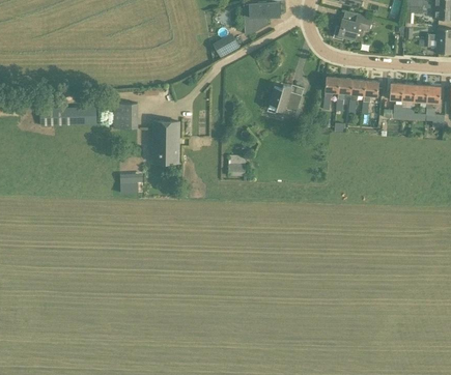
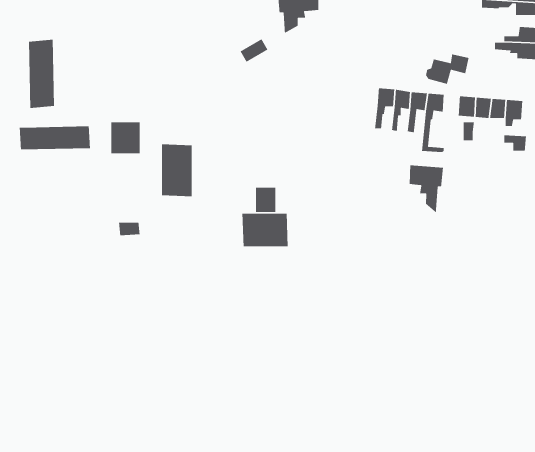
building: [336,15,371,39] -> [425,53,470,85]
building: none -> [28,39,55,109]
building: [269,86,302,113] -> none
building: none -> [409,164,444,214]
building: none -> [242,213,289,247]

